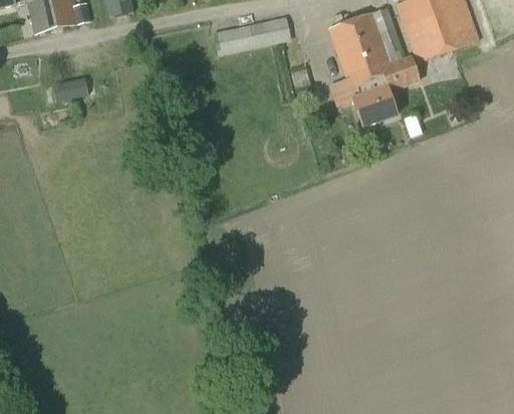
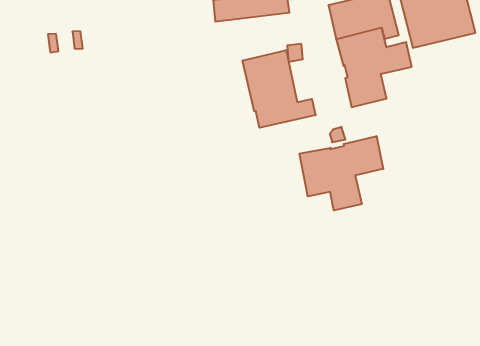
building: none -> [243,50,316,128]
building: none -> [299,136,383,210]

